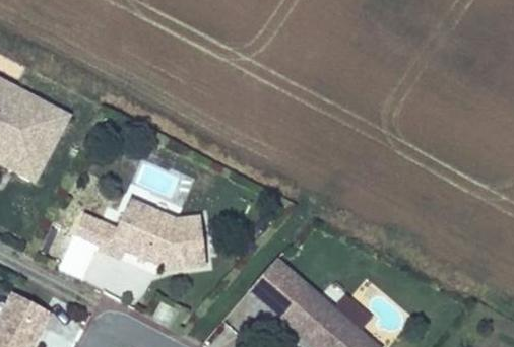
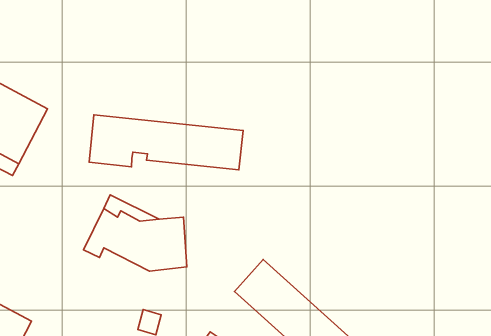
building: none -> [89,115,243,170]

